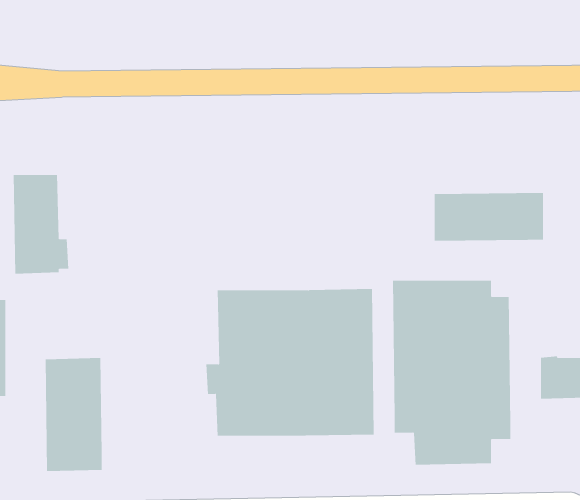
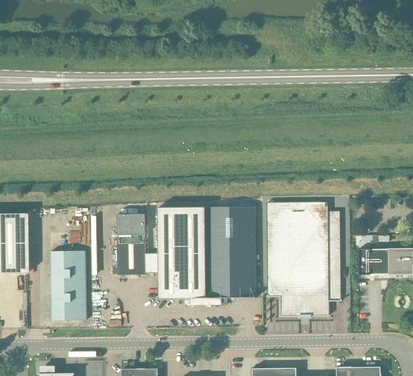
building: [13,174,69,274] -> [117,214,152,276]
building: [434,192,544,242] -> none

